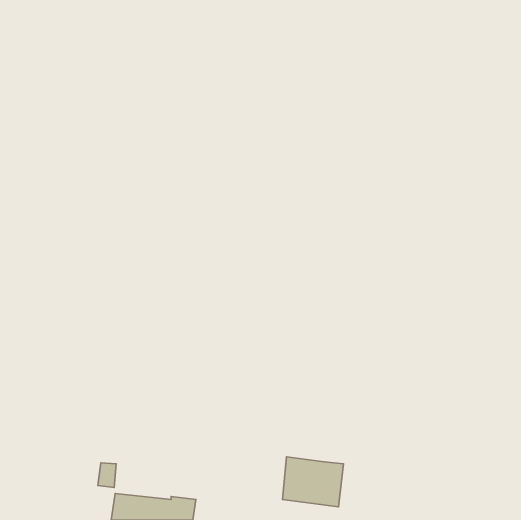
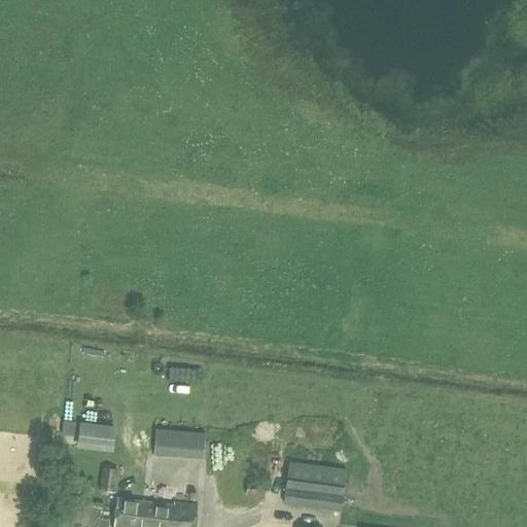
building: none -> [77,422,115,453]
building: none -> [156,435,204,452]

